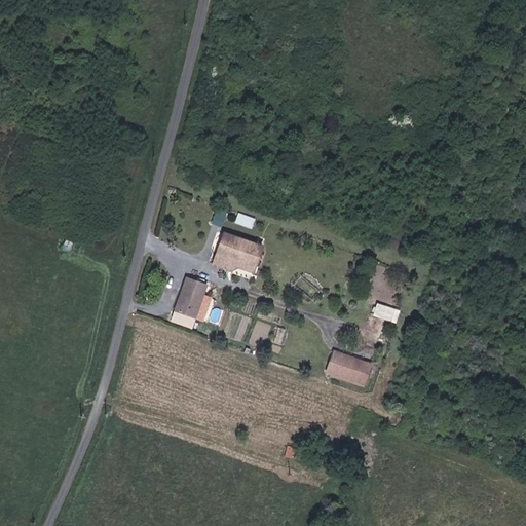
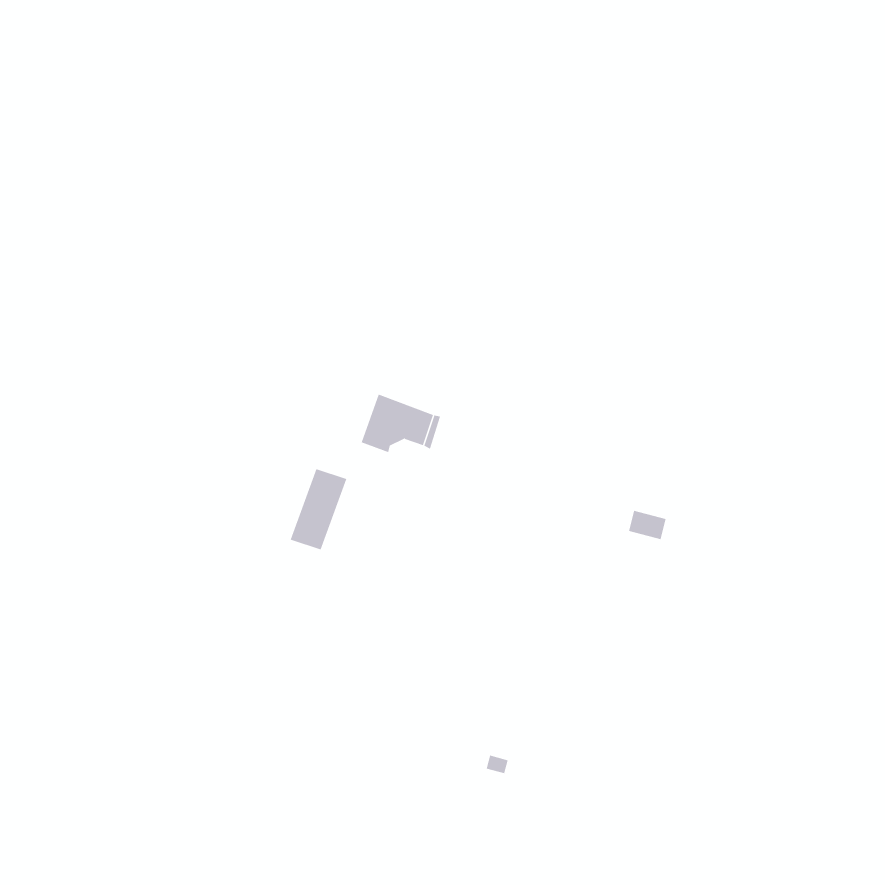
building: [328,351,370,383] -> none

